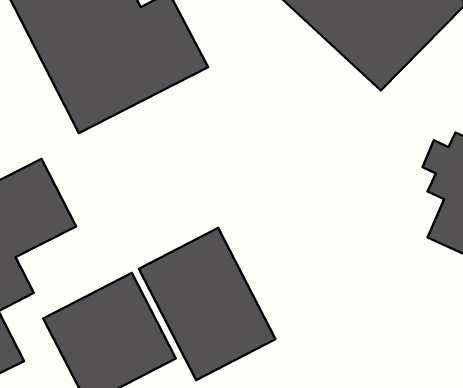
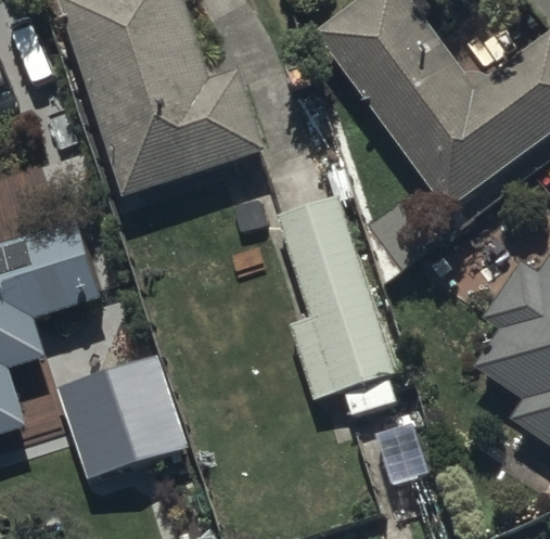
building: none -> [278,195,394,415]
building: [139,228,276,380] -> none

